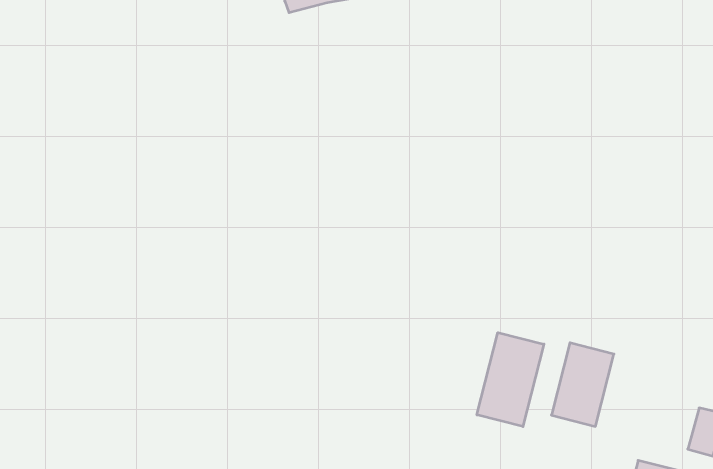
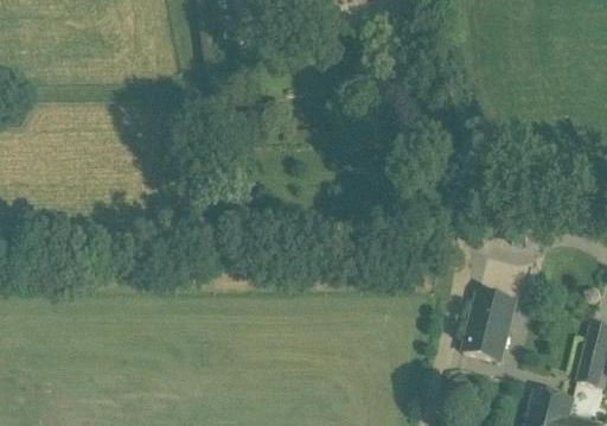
building: [477,333,544,427] -> none

